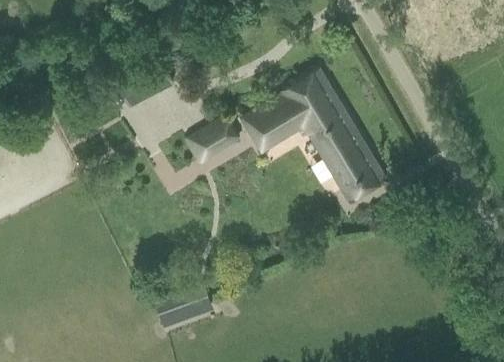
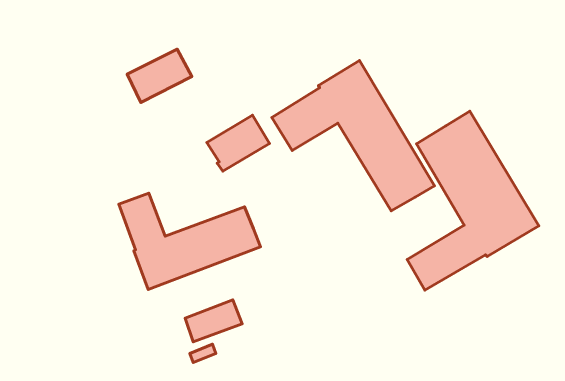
building: none -> [407,111,539,290]
building: none -> [119,193,260,290]

